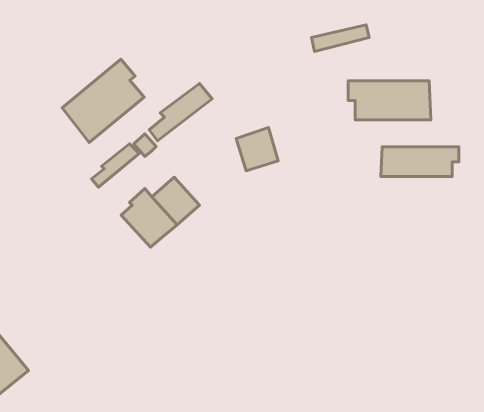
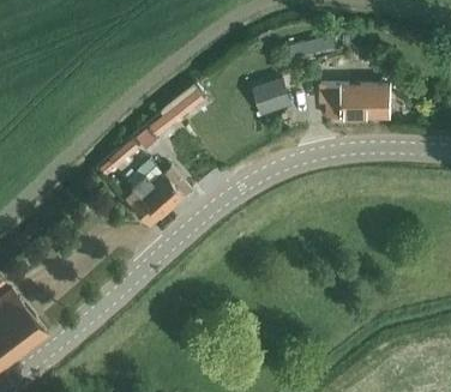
building: [62,59,144,143] -> none
building: [236,127,278,171] -> [252,77,288,114]
building: [381,147,459,177] -> none

